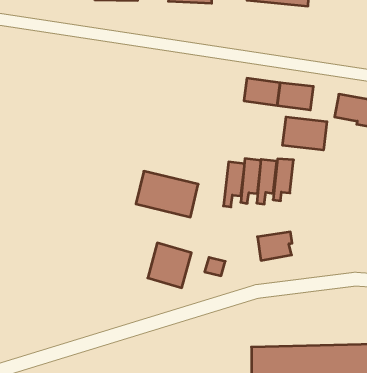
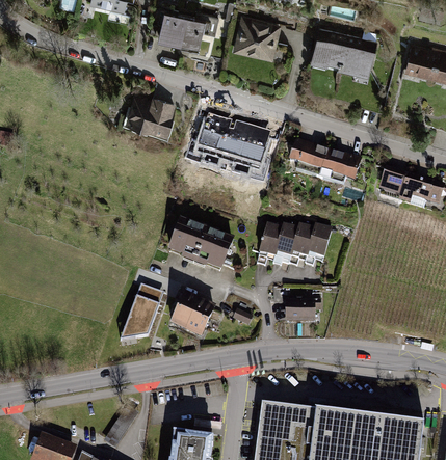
building: none -> [125,92,178,138]
building: none -> [194,111,267,168]
building: [283,117,327,150] -> none
building: none -> [117,285,161,342]

